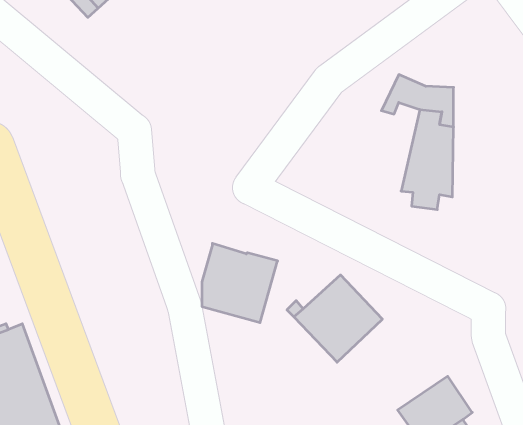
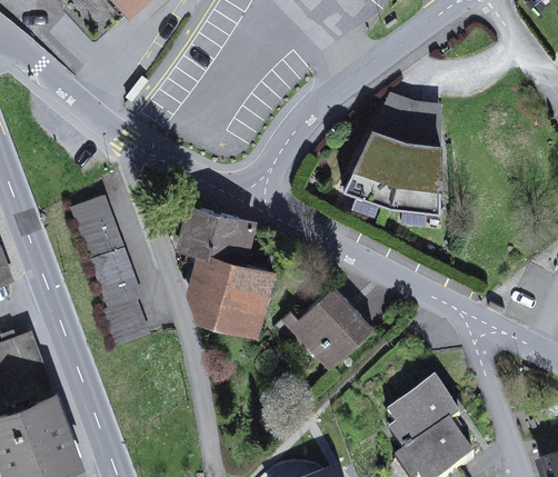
building: none -> [343,121,409,215]
building: none -> [71,196,147,345]
building: none -> [179,206,256,266]

